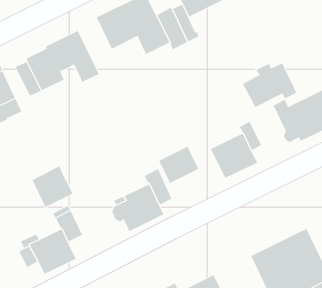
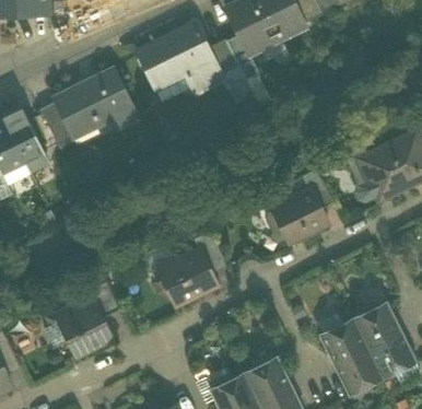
building: [242,62,297,108] -> none
building: [159,146,199,184] -> none
building: [32,166,73,208] -> none

